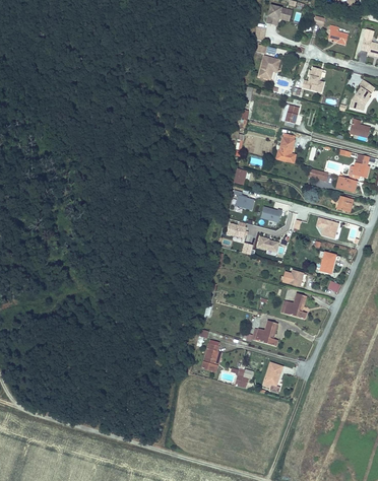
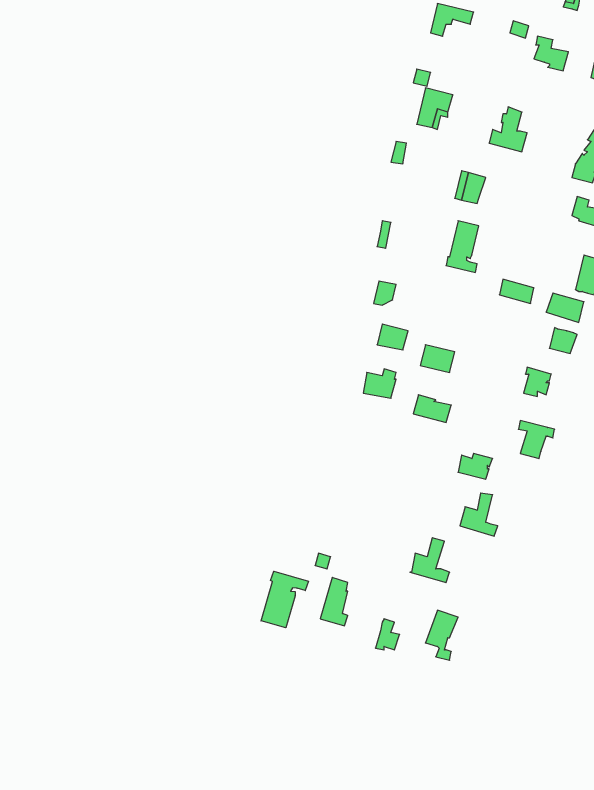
building: none -> [261,571,308,628]

